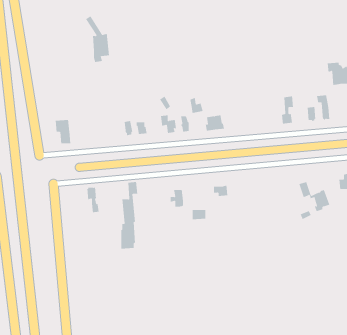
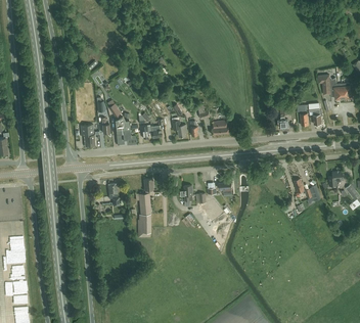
building: [85,16,110,62] -> [109,104,131,145]

